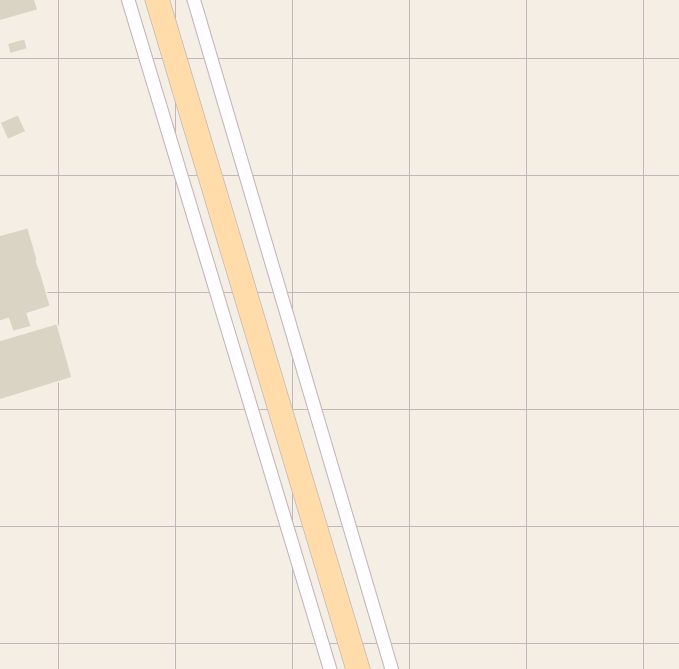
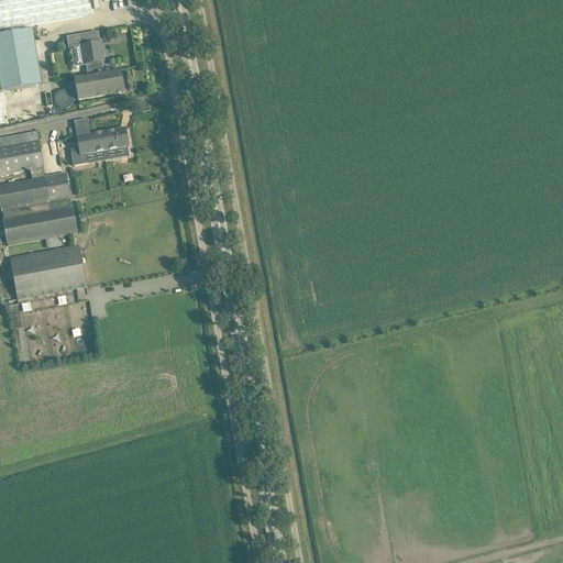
building: none -> [74,41,123,98]
building: none -> [75,126,128,161]

